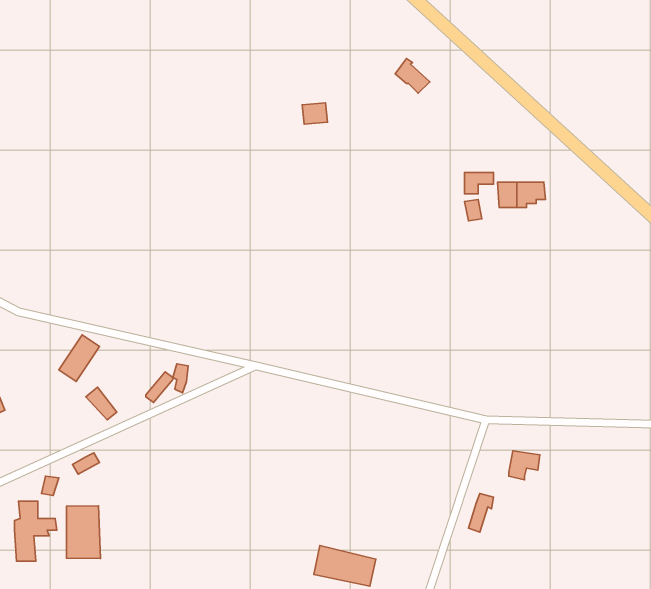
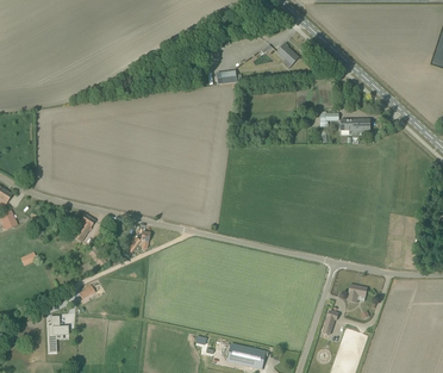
building: [67,506,101,558] -> none

